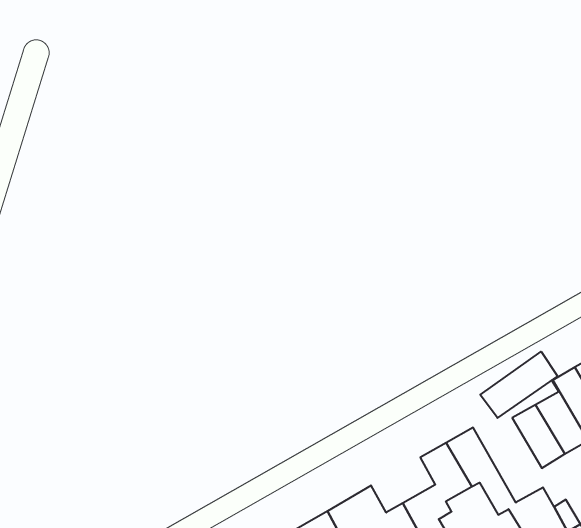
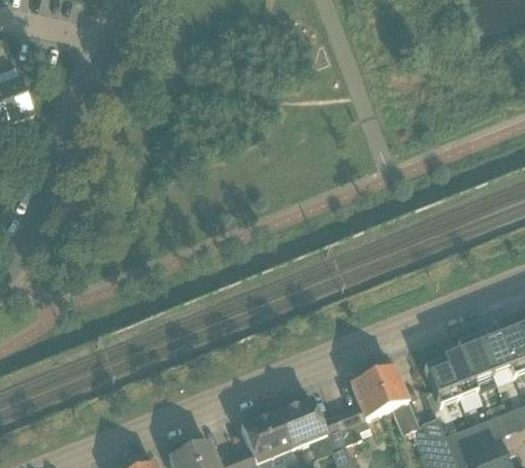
building: [480,352,557,418] -> none

